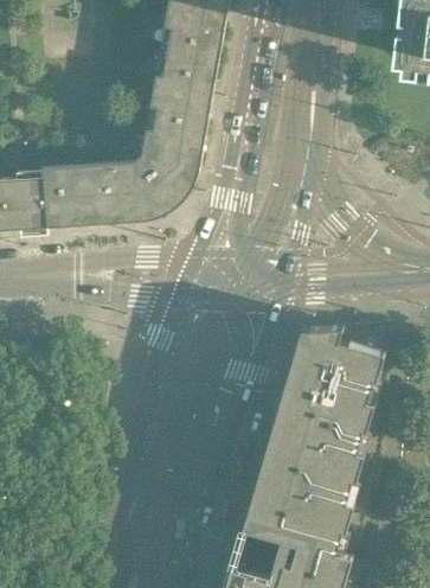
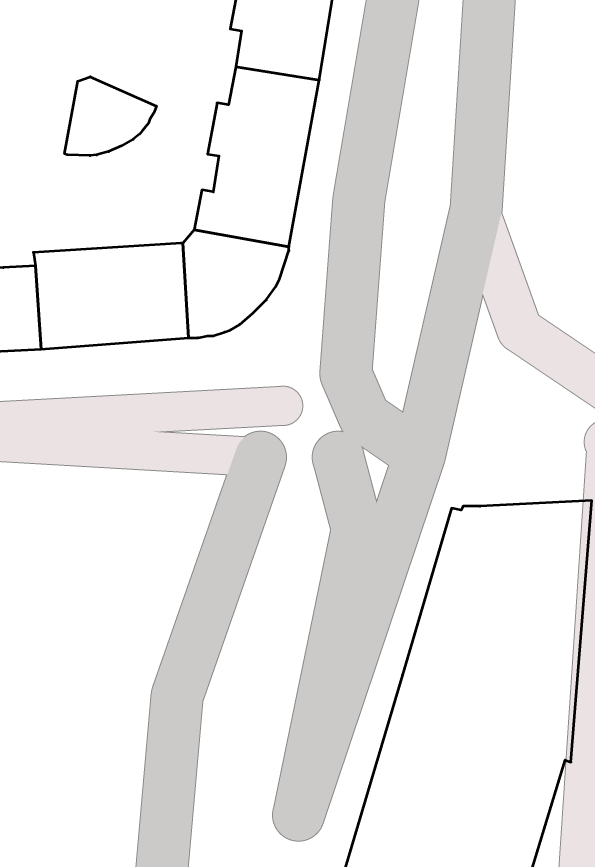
building: none -> [65,77,156,156]

